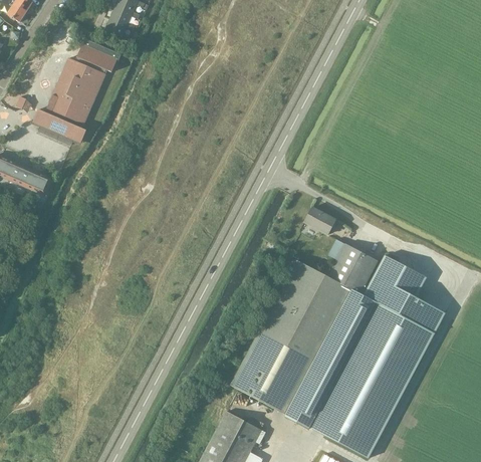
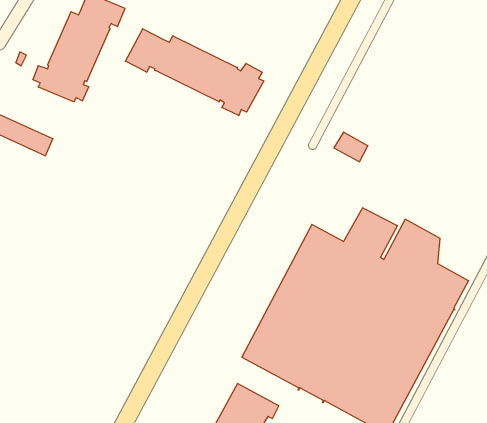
building: none -> [125,29,264,116]
building: [303,206,335,234] -> [334,132,368,162]

